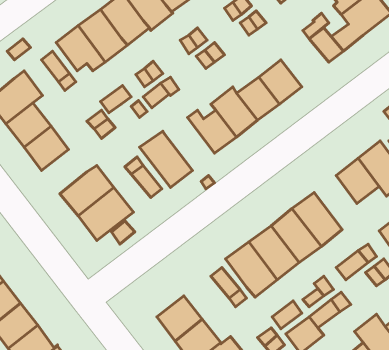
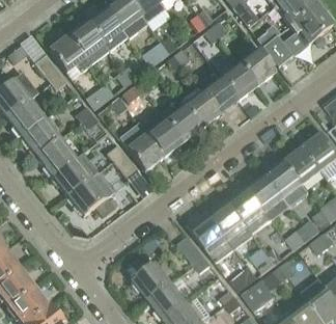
building: none -> [239,48,275,85]
building: none -> [140,111,183,156]
building: none -> [36,138,75,176]
building: none -> [267,160,309,206]

